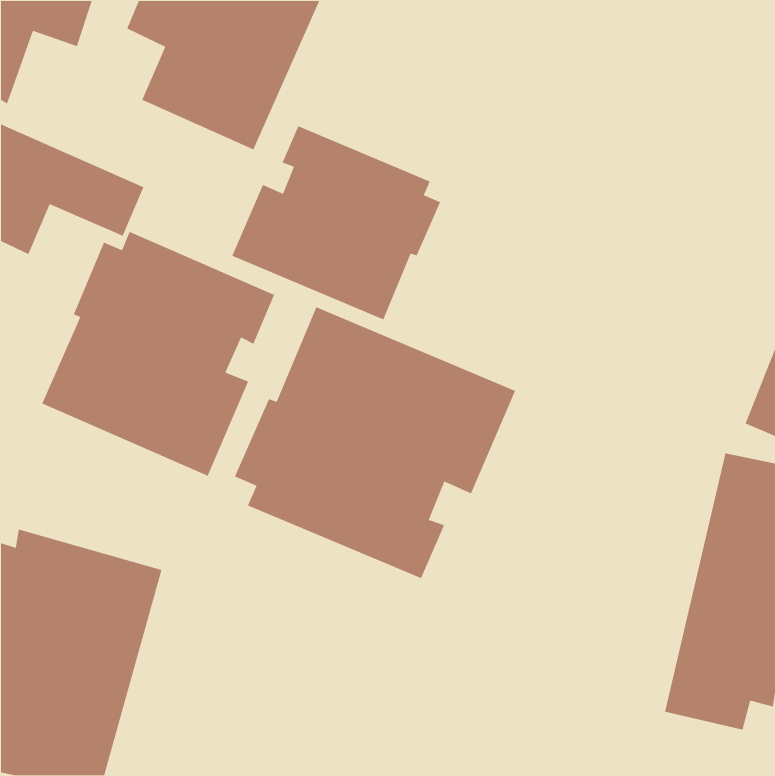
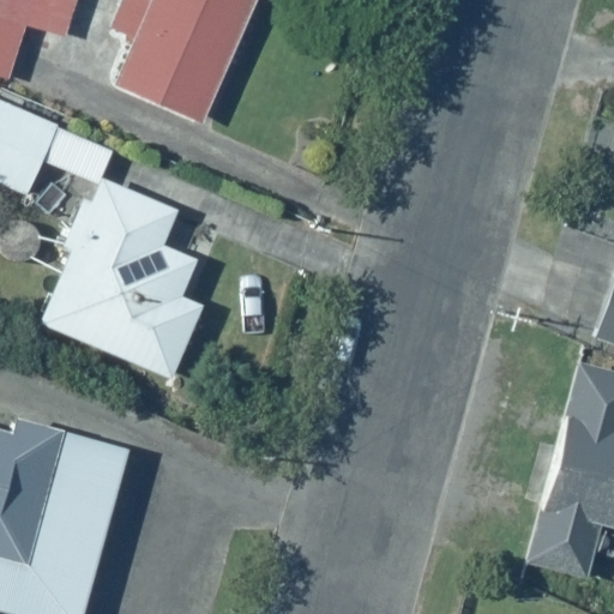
building: [231,125,441,320] -> none
building: [234,306,516,579] -> none

